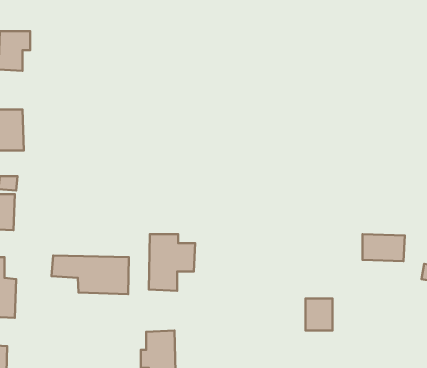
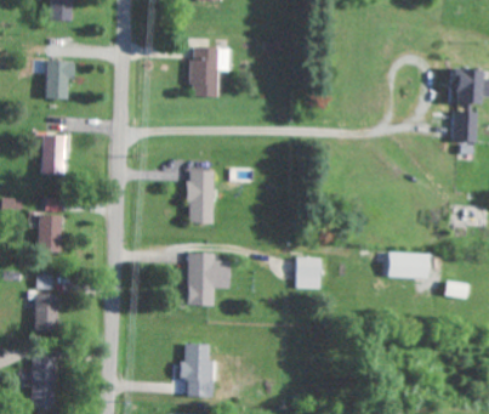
building: none -> [191,46,229,96]
building: none -> [188,170,215,223]
building: [52,255,129,294] -> none
building: [305,299,332,331] -> [295,257,320,288]

